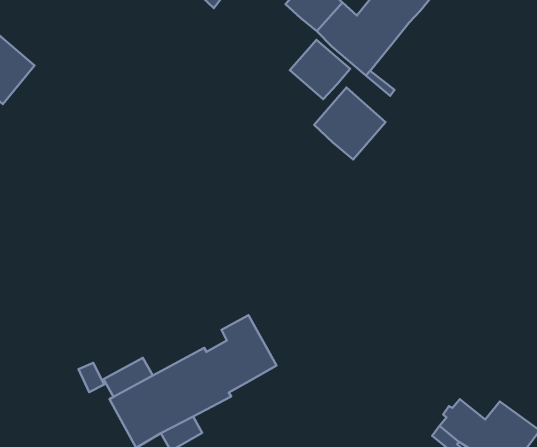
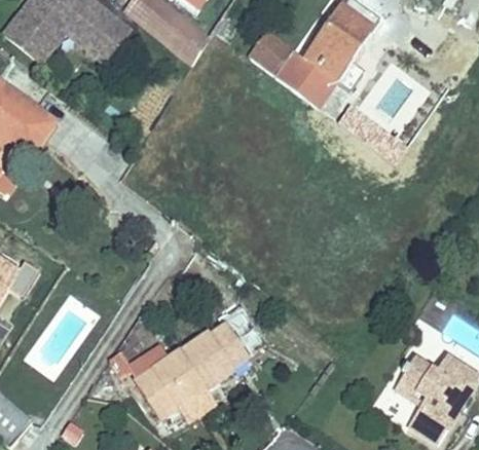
building: [290,40,350,99] -> none
building: [314,88,385,159] -> none

